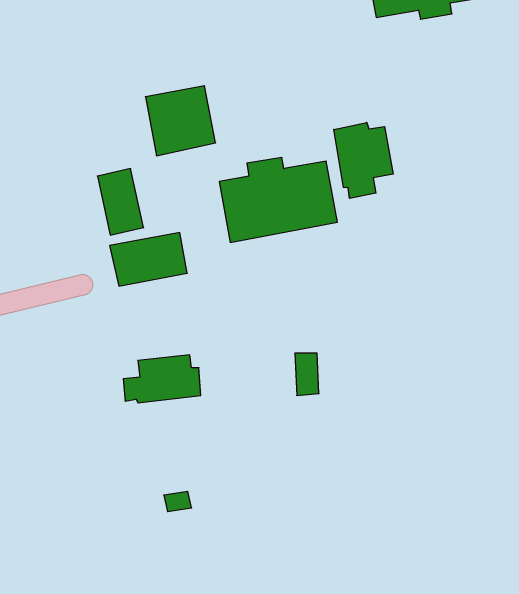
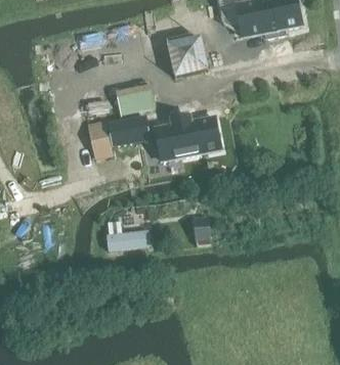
building: none -> [168,39,208,79]
building: [334,122,393,198] -> none
building: [110,233,187,286] -> [109,116,152,145]

